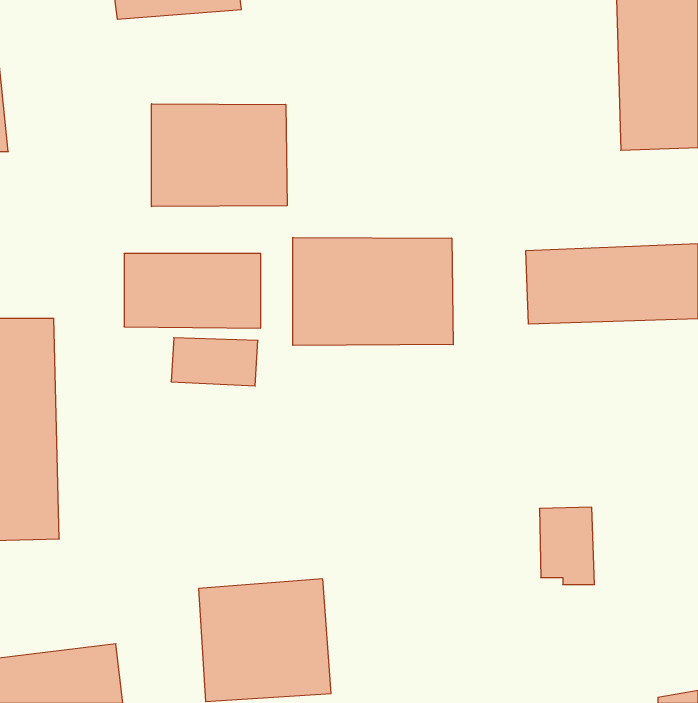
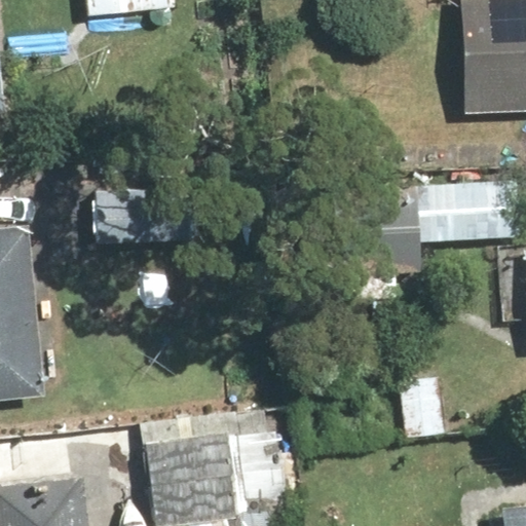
building: [152,104,287,207] -> none
building: [293,237,453,345] -> none

